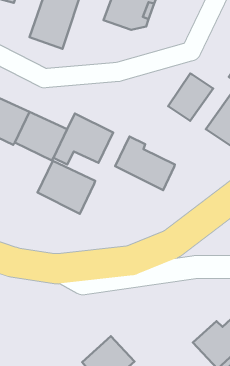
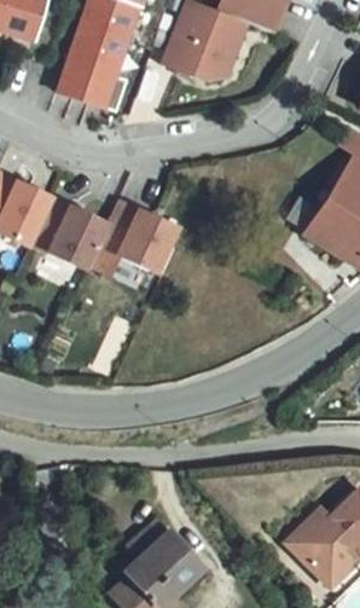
building: [168,73,213,121] -> none
building: [115,136,175,190] -> none
building: [38,161,95,214] -> none

